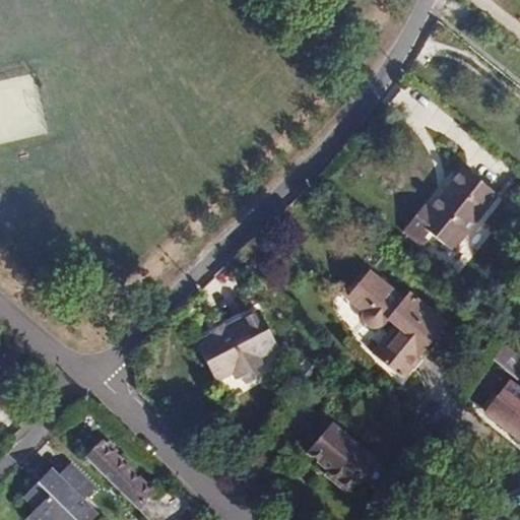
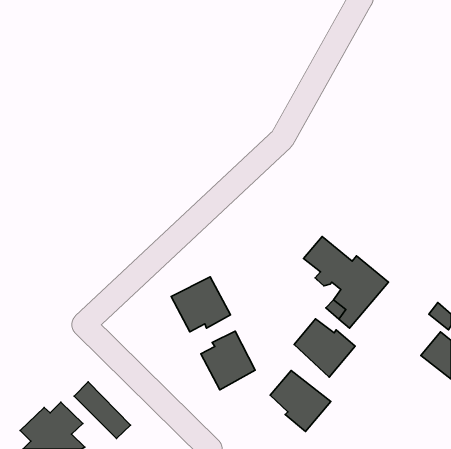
building: [402,167,497,251] -> none
building: none -> [294,319,355,377]
building: none -> [201,331,255,390]

